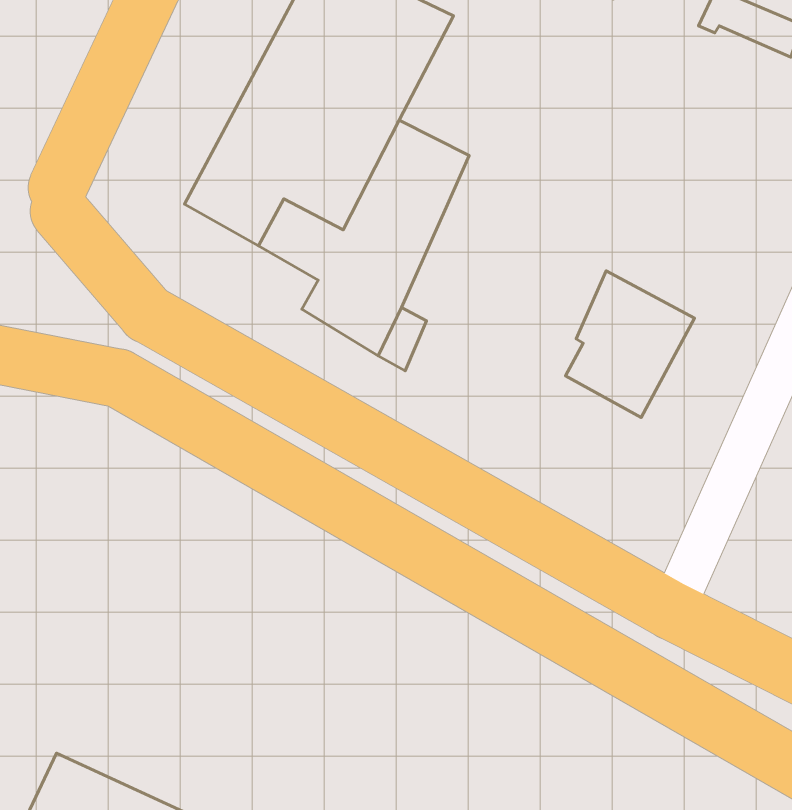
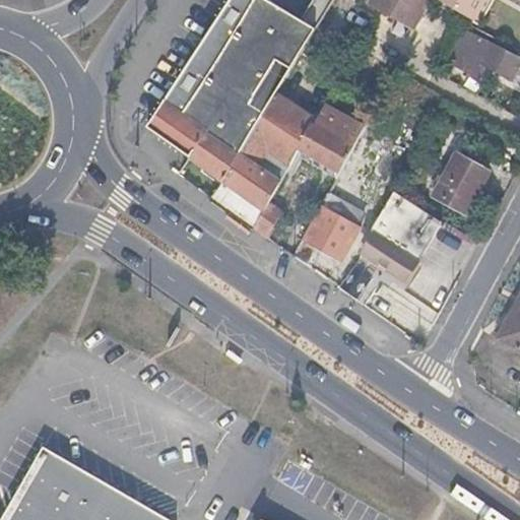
building: none -> [300,100,364,170]
building: none -> [430,154,490,215]
building: none -> [303,191,367,261]

